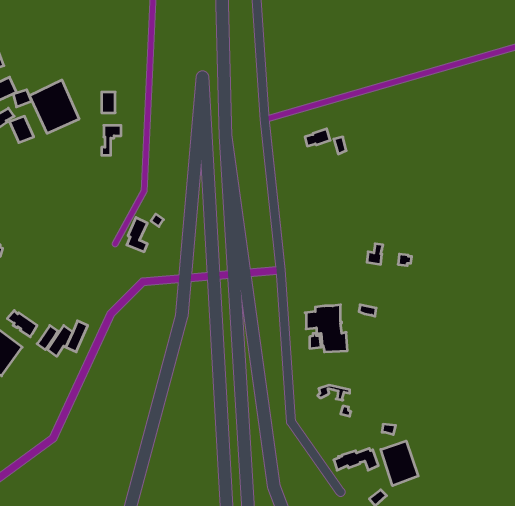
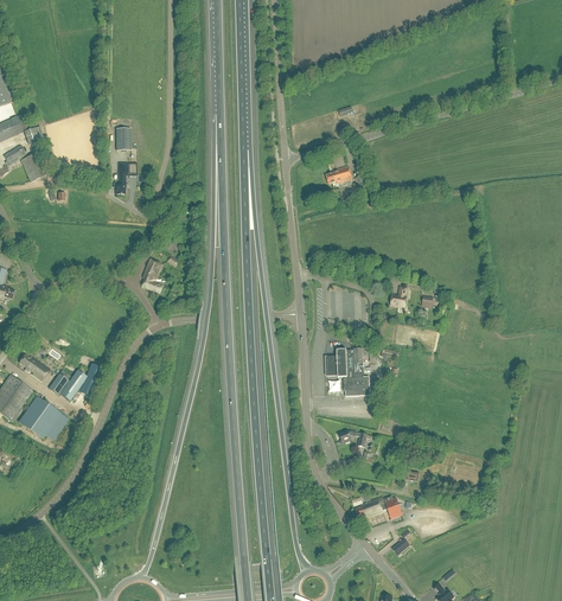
building: [30,80,79,133] -> none
building: none -> [17,396,68,441]
building: [381,441,418,486] -> none

